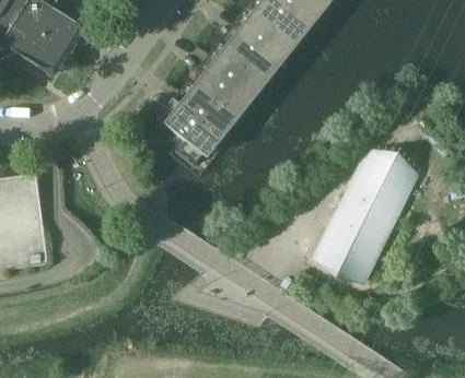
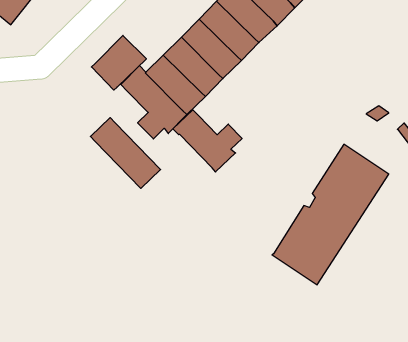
building: none -> [91,35,146,90]
building: none -> [173,110,242,172]
building: none -> [90,118,161,188]

